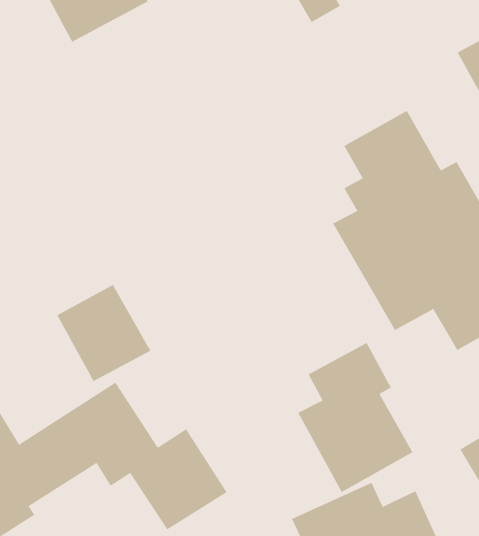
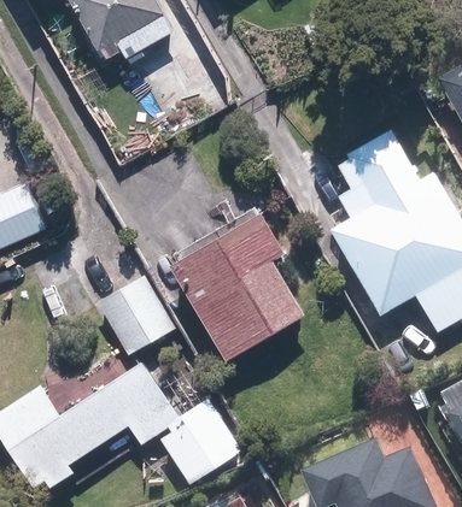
building: none -> [174,208,311,359]
building: [297,342,413,493] -> none

